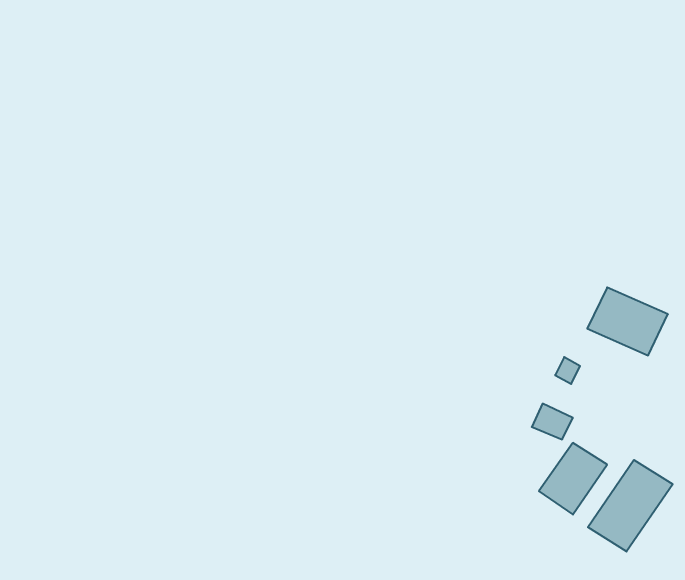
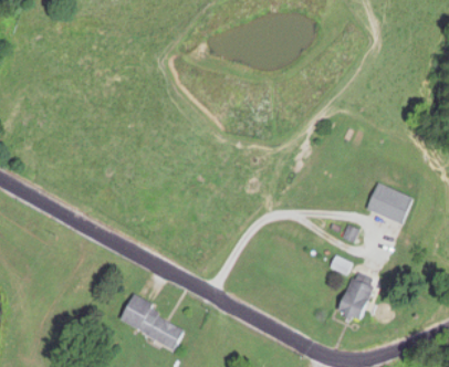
building: [588,460,673,552] -> none
building: none -> [119,298,179,348]

